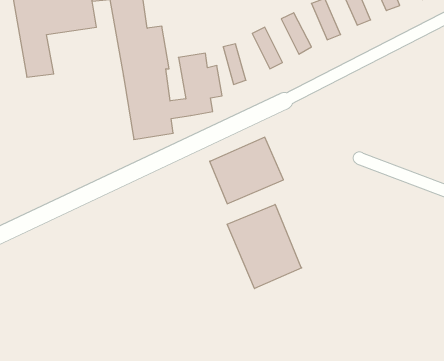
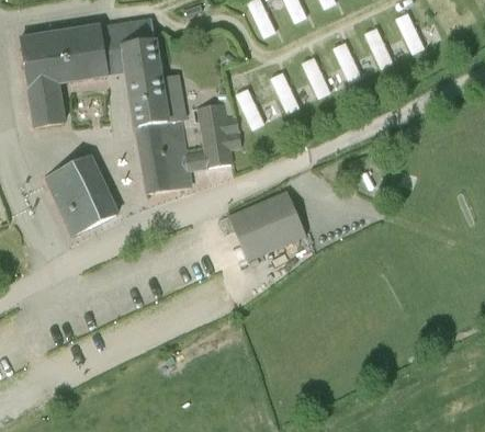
building: none -> [41,155,115,236]
building: [227,204,302,289] -> none

